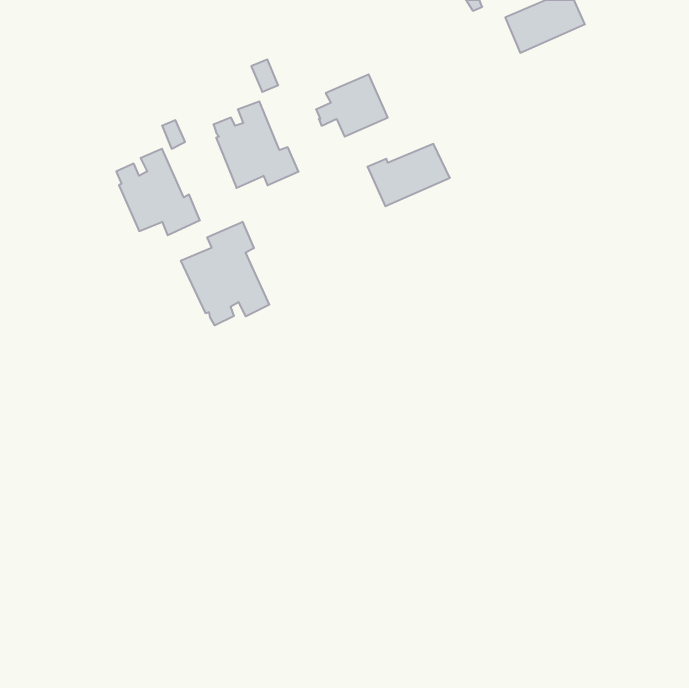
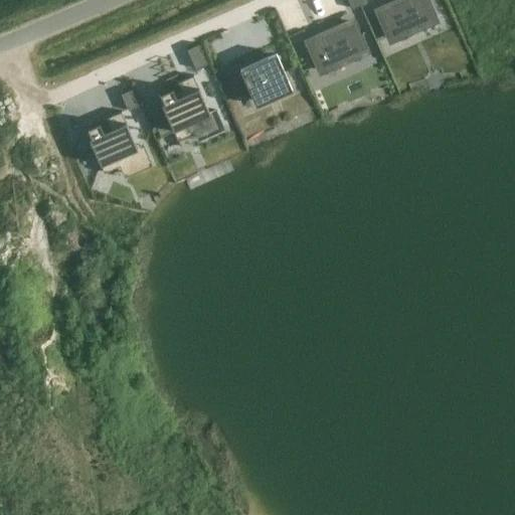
building: [367,144,450,206] -> [306,25,367,71]
building: [181,222,269,325] -> none

